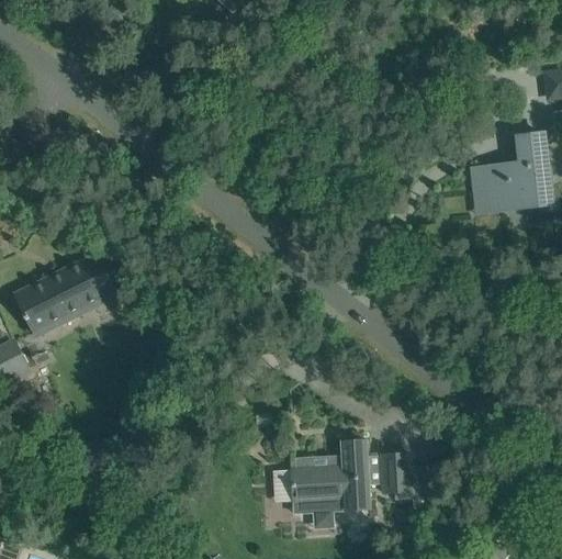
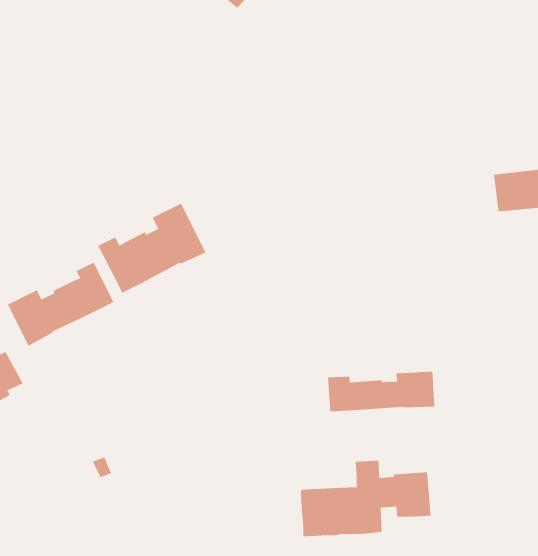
building: none -> [98,203,206,294]
building: none -> [327,371,435,412]

